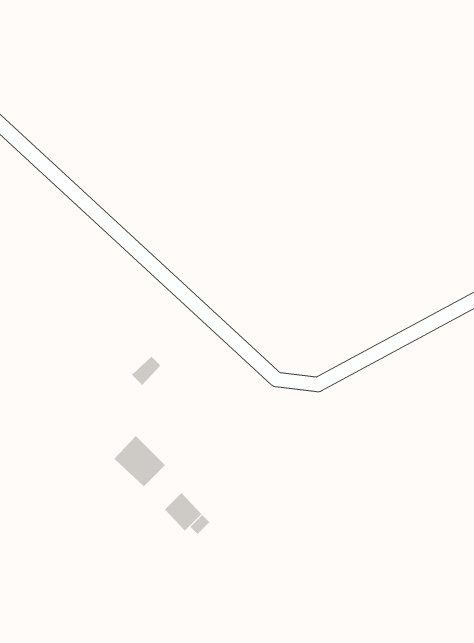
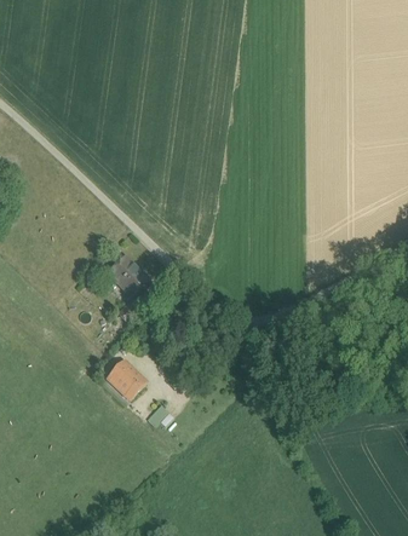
building: none -> [108,258,148,298]

